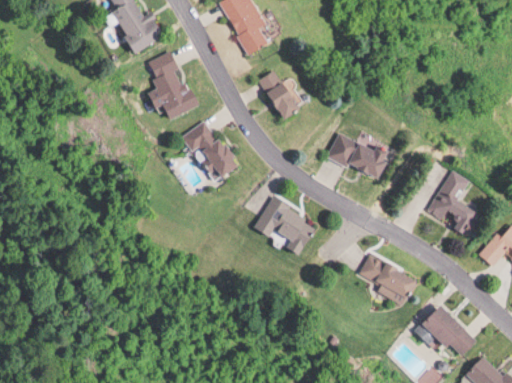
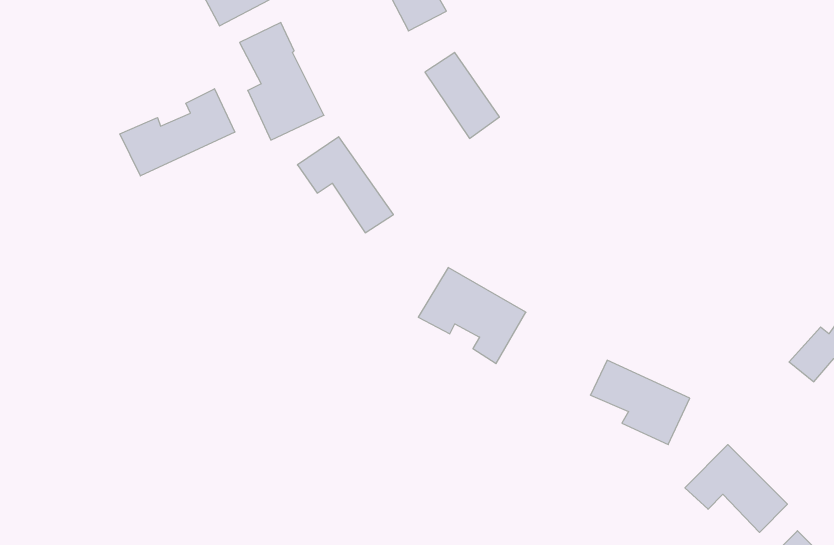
building: none -> [120,89,235,176]
building: [325,130,391,179] -> none
building: [424,170,481,237] -> none

